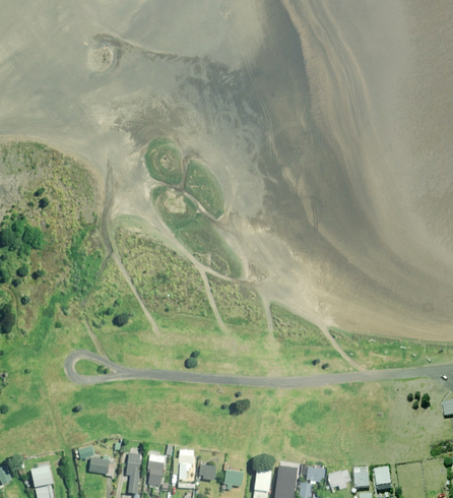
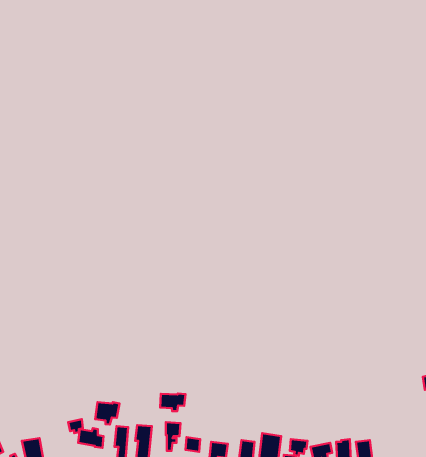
building: none -> [160,393,186,411]
building: none -> [95,402,120,425]

